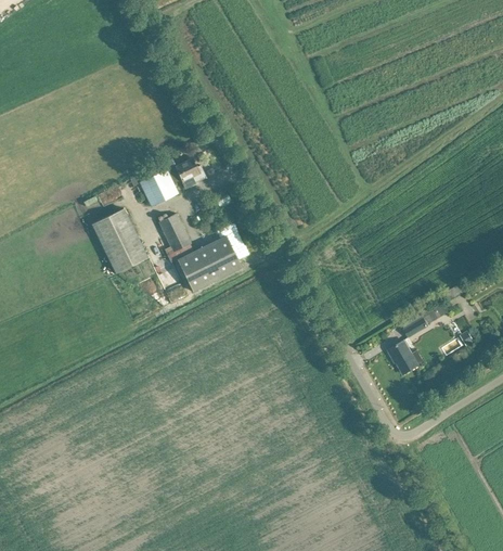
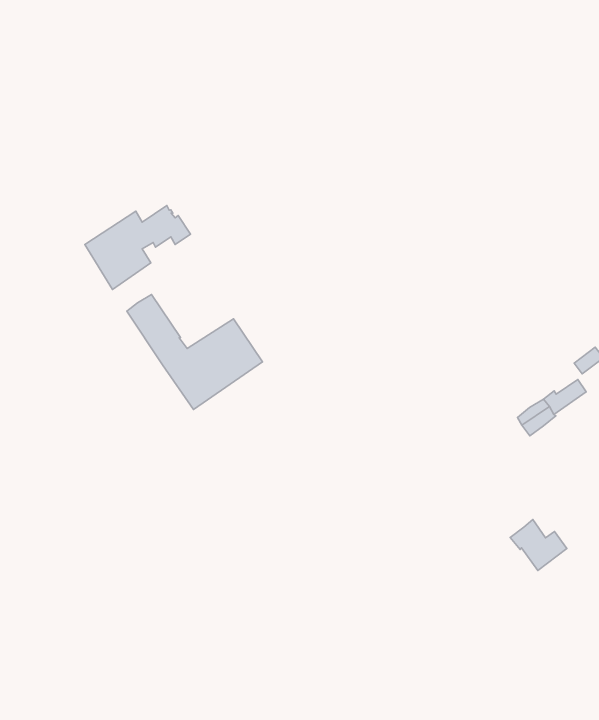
building: [91,207,149,272] -> none
building: [388,339,424,373] -> [510,519,567,571]

